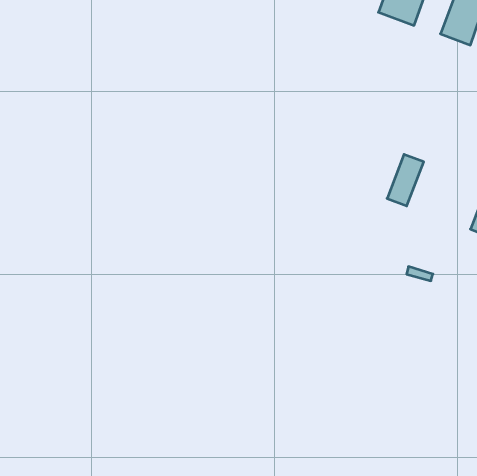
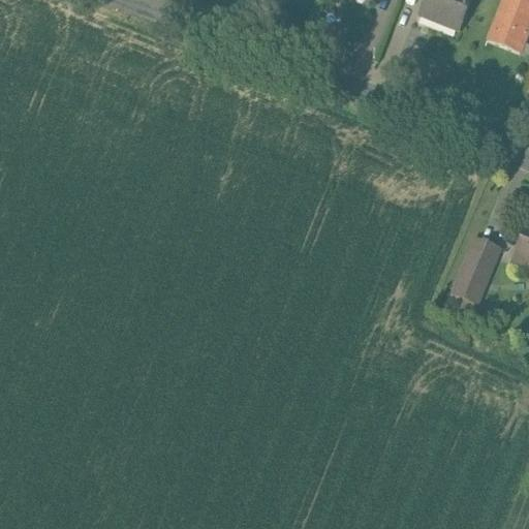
building: [387,154,424,206] -> [458,242,498,299]

